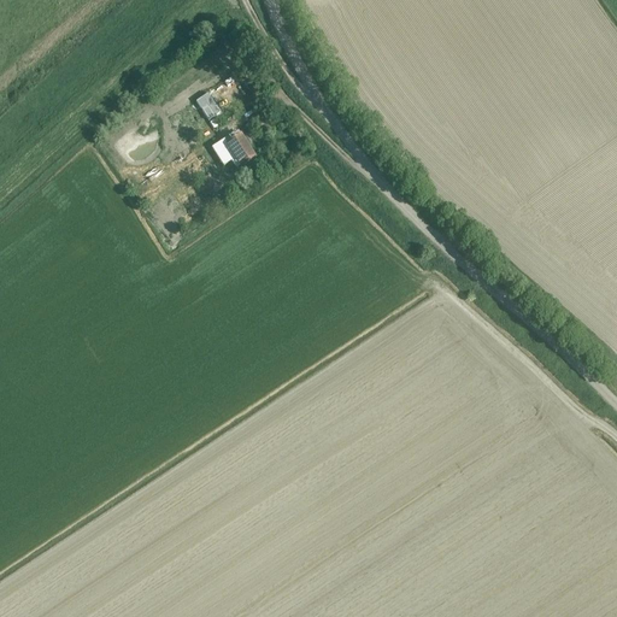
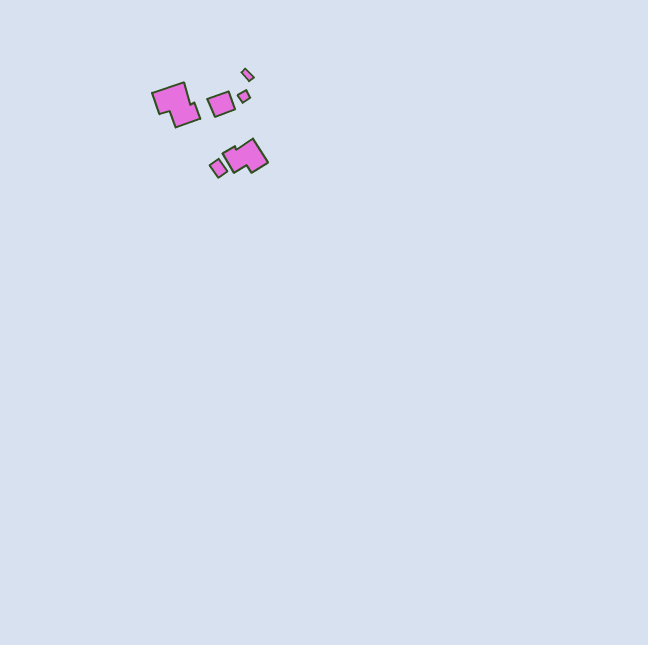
building: none -> [152,82,200,128]

